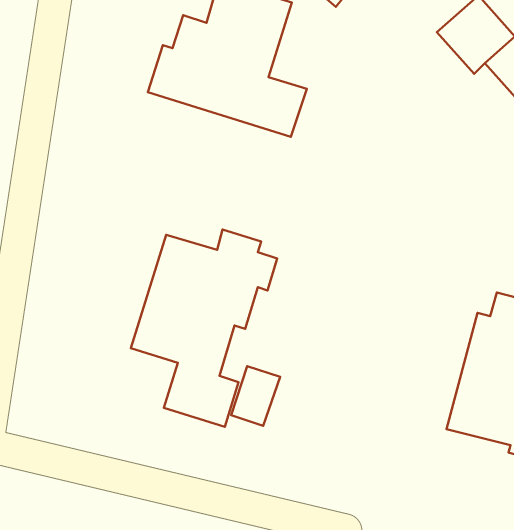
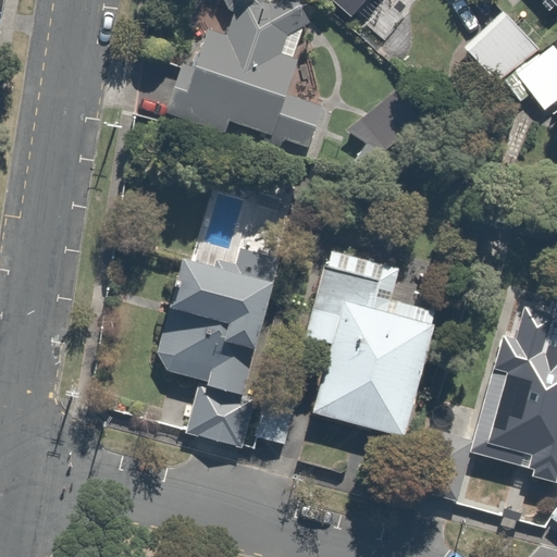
building: none -> [309,248,442,440]

